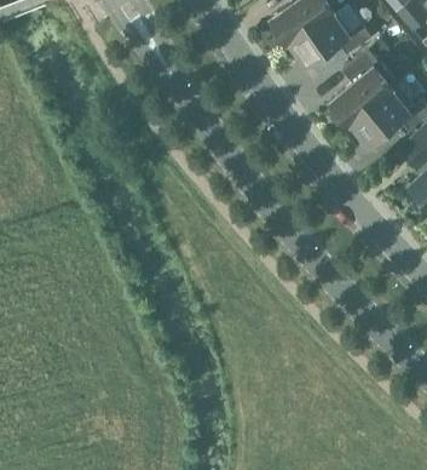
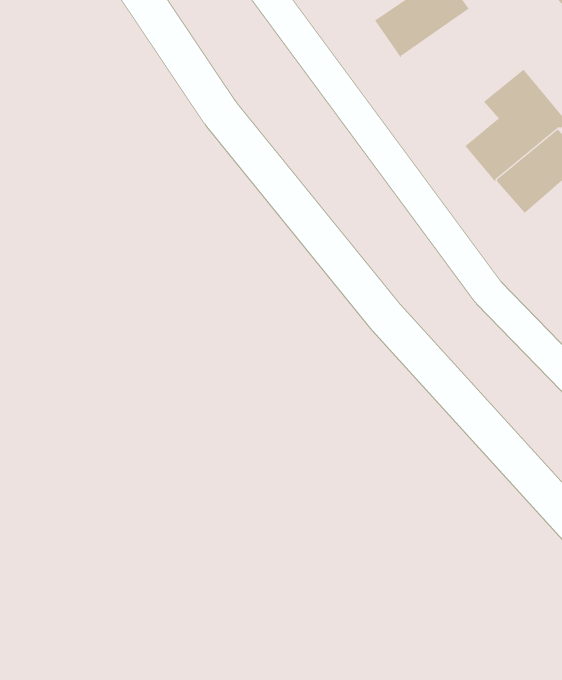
building: [289,12,371,67] -> none

